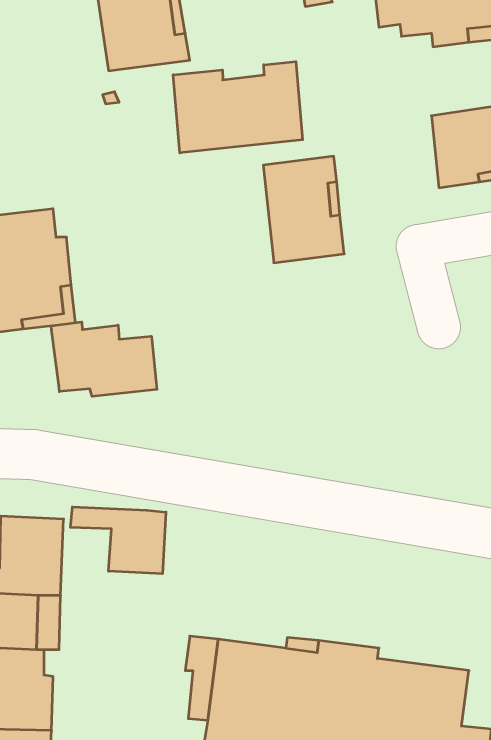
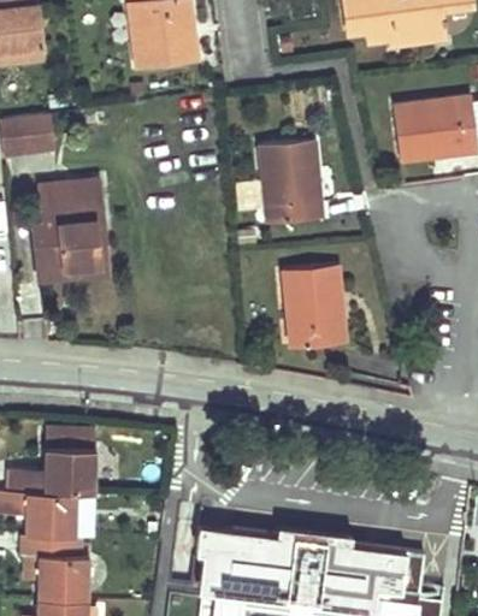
building: [173,62,303,153] -> none
building: none -> [283,266,344,348]
building: [51,322,157,396] -> none
building: [70,507,166,574] -> none

